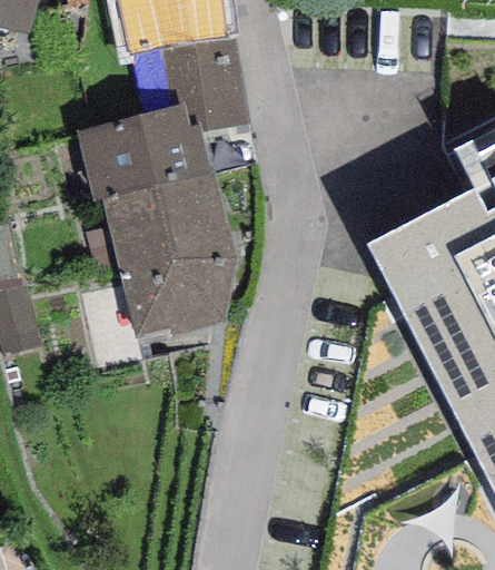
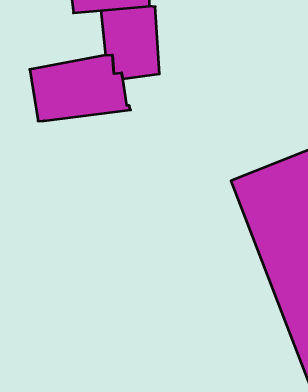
building: [105,168,235,335] -> none

